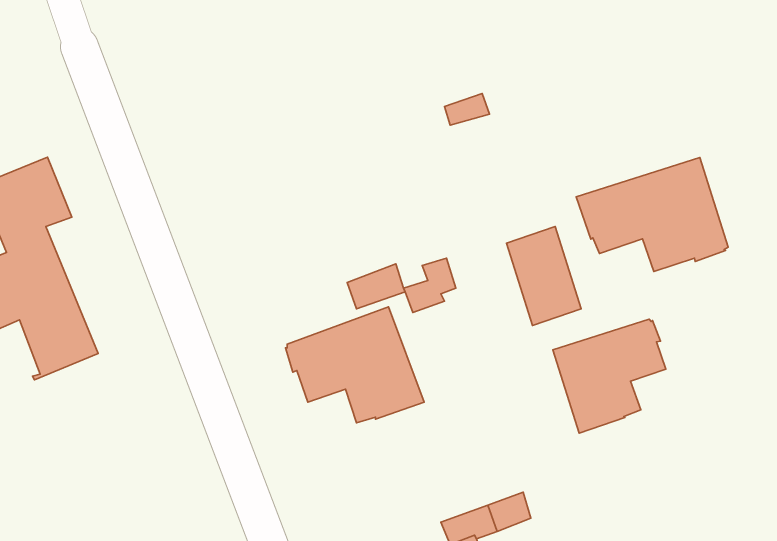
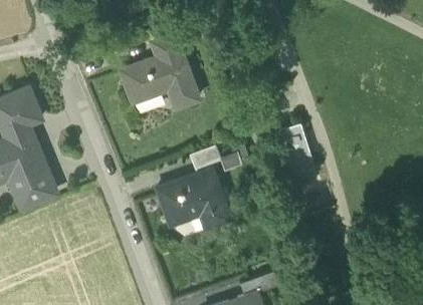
building: none -> [123,30,202,106]
building: [576,158,728,271] -> none
building: [553,319,666,433] -> none

